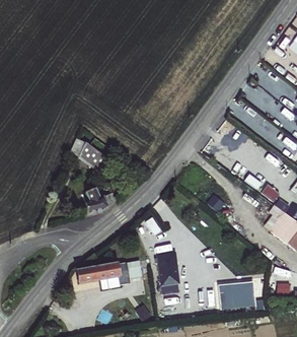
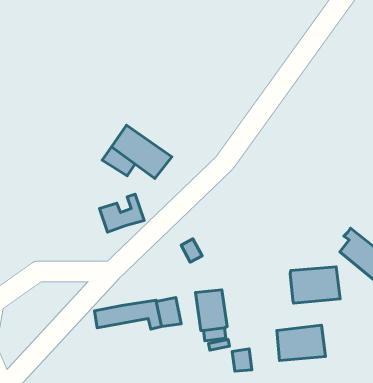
building: none -> [112,125,172,178]
building: none -> [290,267,340,303]

